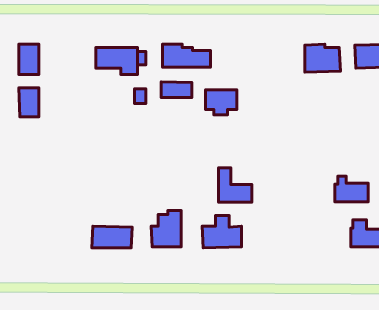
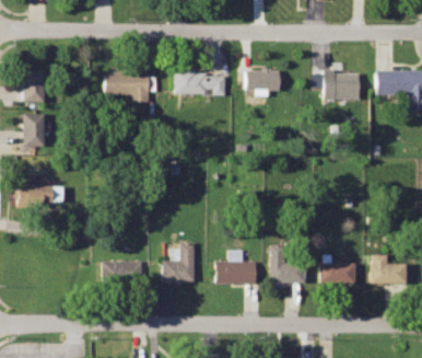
building: [161,82,192,97] -> none
building: [206,90,237,115] -> [246,70,279,96]
building: none -> [17,188,63,210]
building: [218,168,252,202] -> [271,245,306,281]
building: [335,176,368,202] -> [321,255,356,282]

